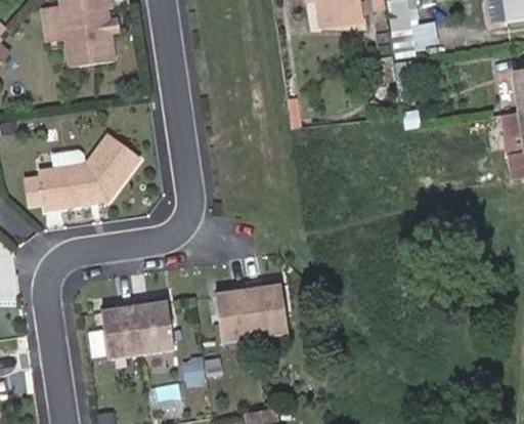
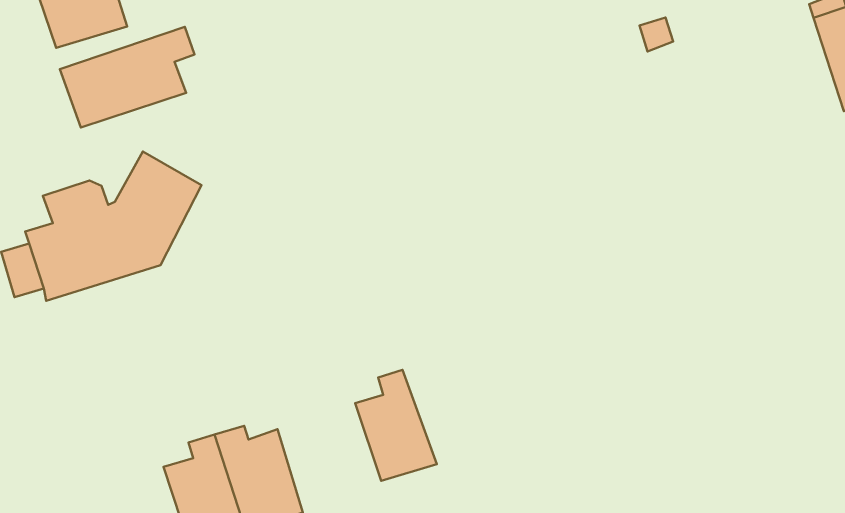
building: none -> [60,27,194,128]
building: [239,279,282,338] -> none

